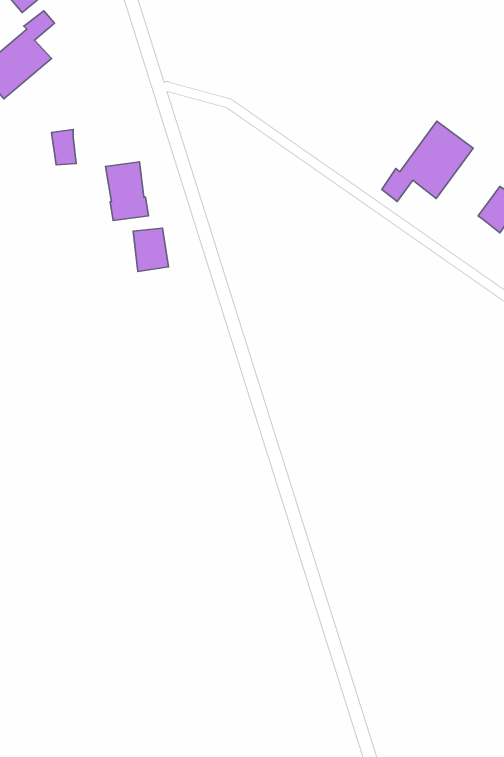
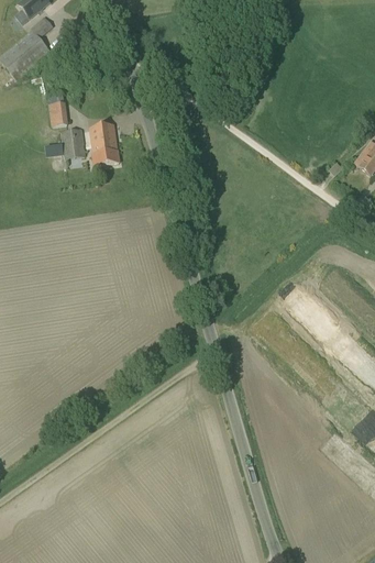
building: [382,121,473,201] -> none
building: [133,228,169,271] -> [62,129,87,159]

